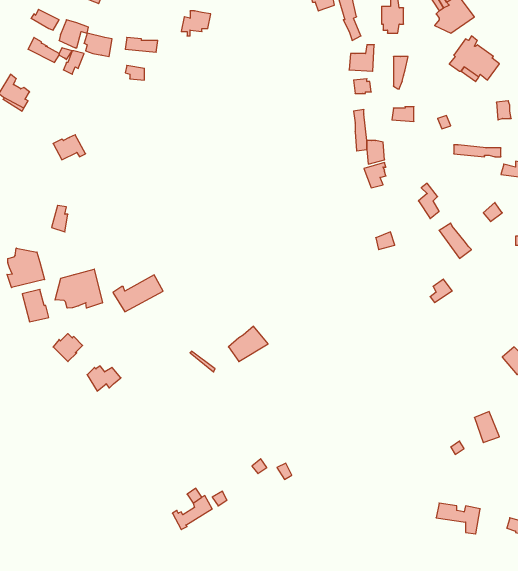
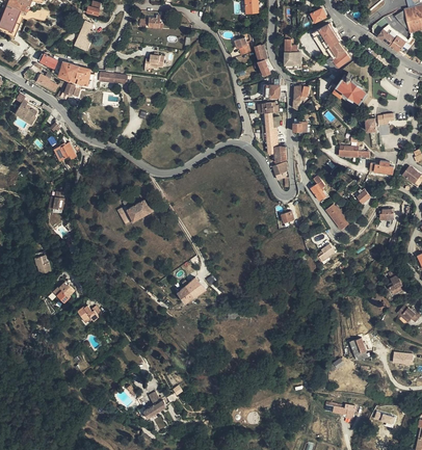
building: [7,248,45,288] -> none
building: [55,269,102,308] -> none
building: [113,275,163,312] -> [117,197,153,223]

